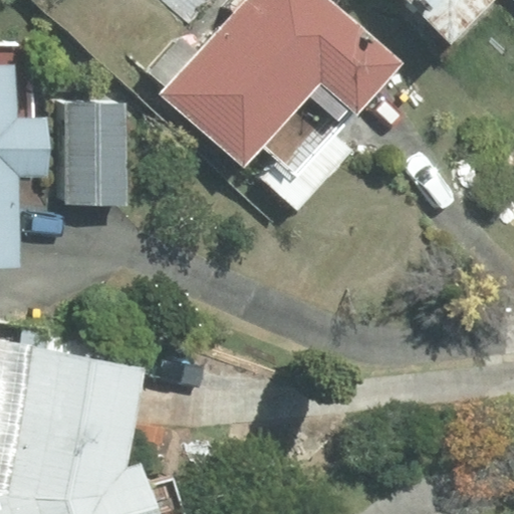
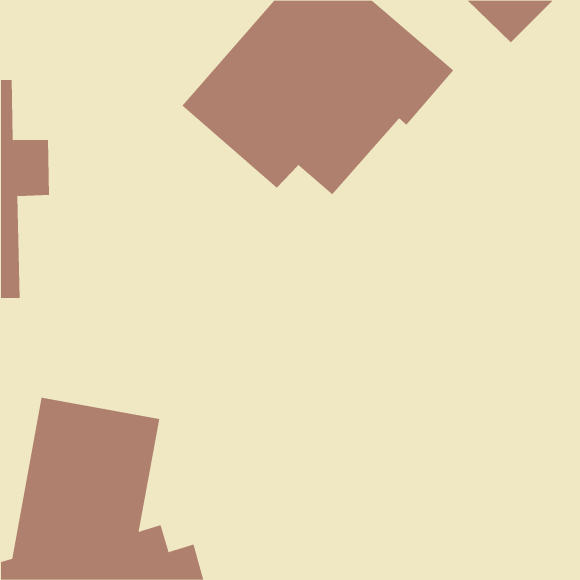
building: [65,104,124,203] -> none

